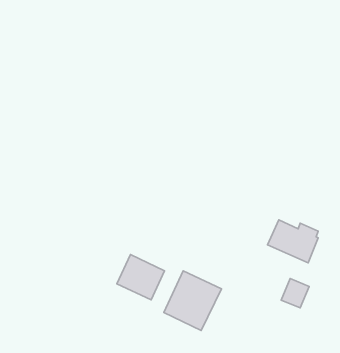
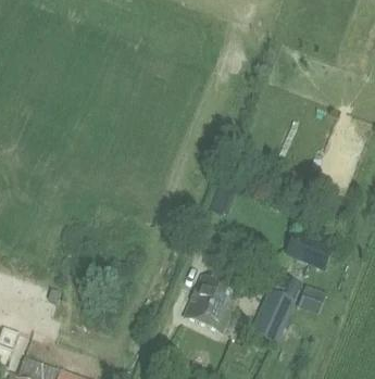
building: [117,255,164,300] -> none
building: none -> [249,285,296,342]

